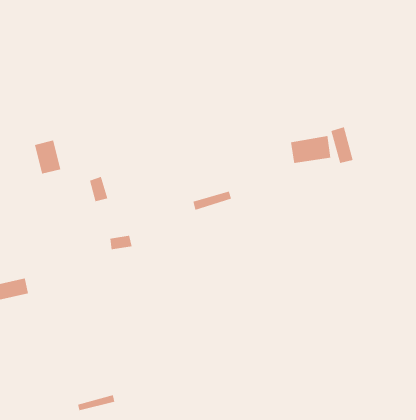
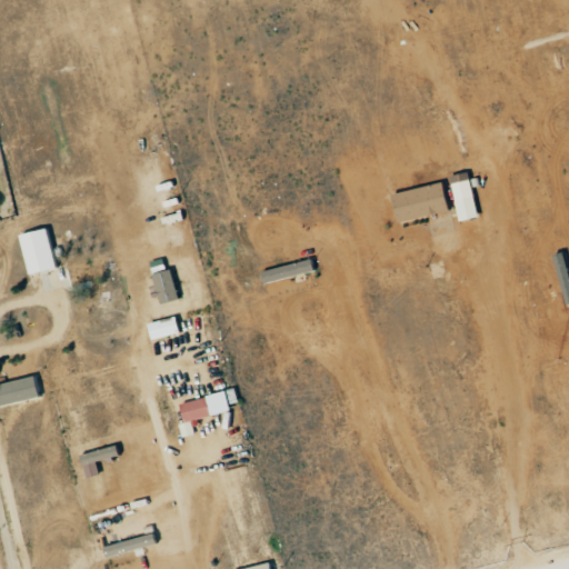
building: [34,140,61,174] -> [19,228,56,274]
building: [89,176,108,202] -> [152,269,178,303]
building: none -> [179,397,218,421]

